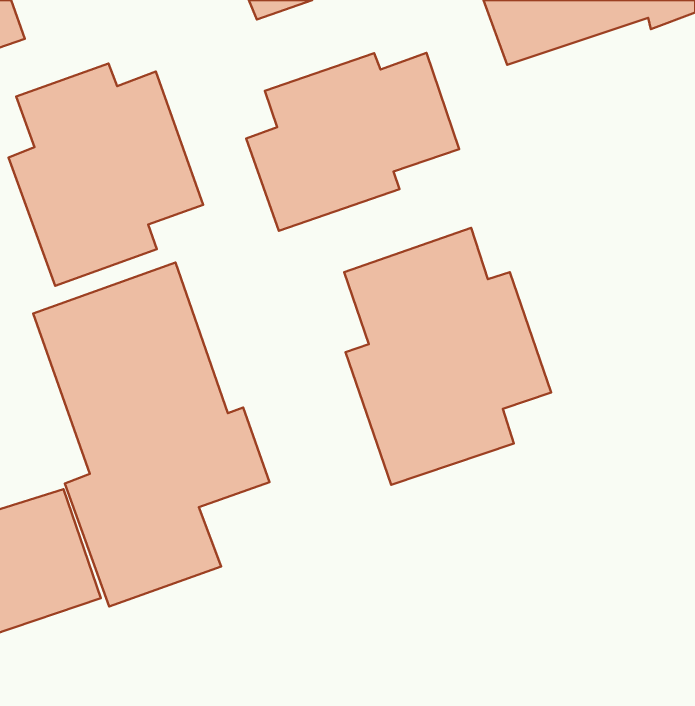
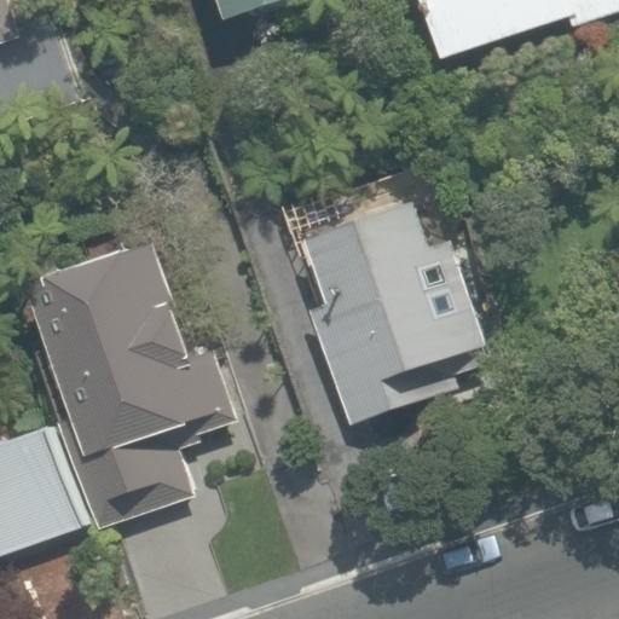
building: [246,53,459,231] -> none
building: [8,63,203,286] -> none

